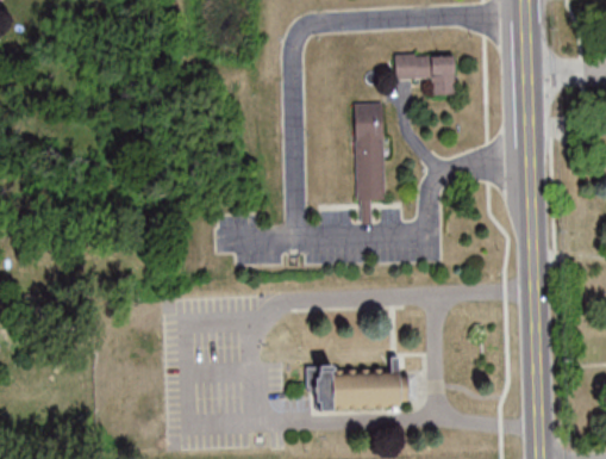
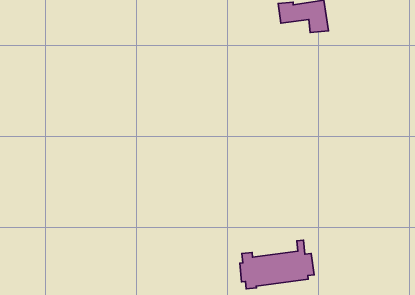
building: [354,104,383,223] -> none

